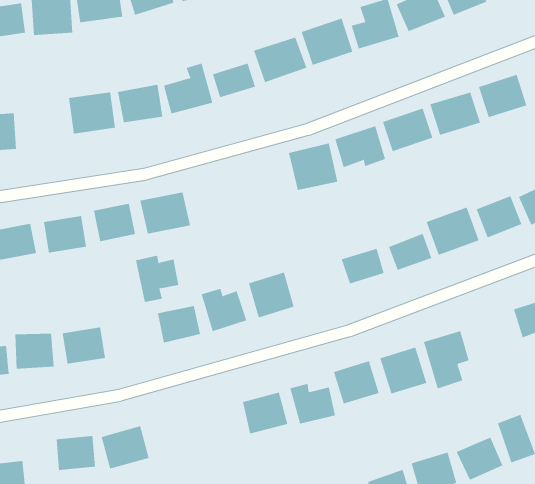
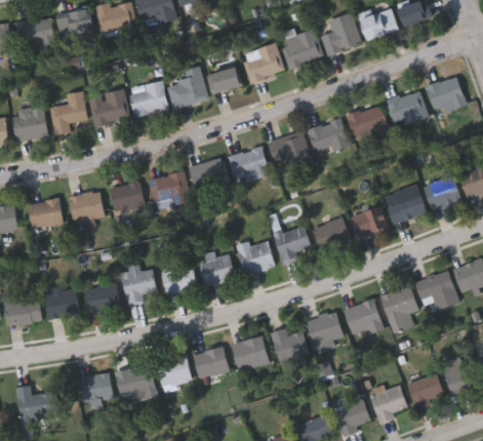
building: none -> [50,91,87,134]
building: none -> [229,147,270,185]
building: none -> [189,156,230,195]
building: [135,255,179,303] -> [121,267,157,306]
building: none -> [275,227,311,264]
building: none -> [415,272,459,314]
building: none -> [194,348,229,378]
building: none -> [159,357,191,386]

